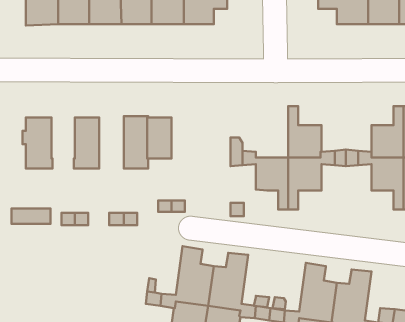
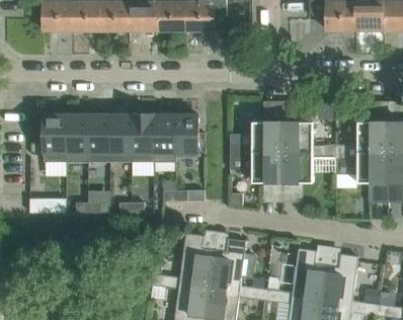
building: none -> [253,104,283,151]
building: none -> [110,113,133,161]
building: none -> [67,114,88,152]
building: none -> [175,114,198,156]

